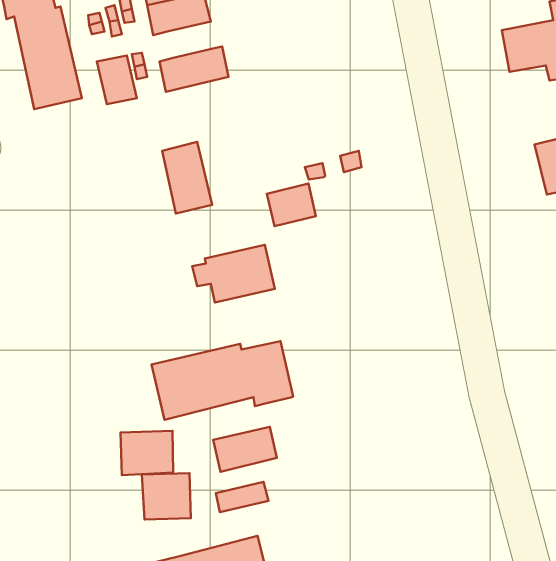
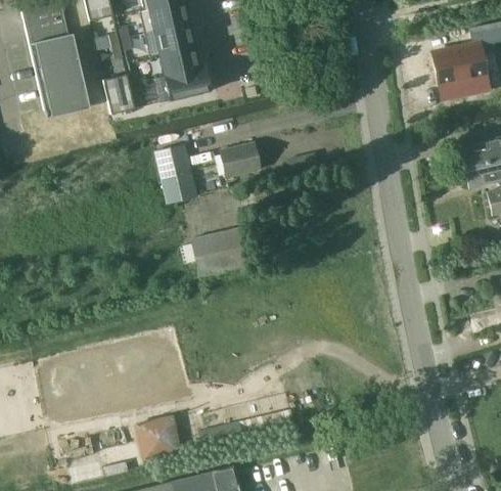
building: none -> [160,47,199,77]
building: [267,184,316,226] -> [220,143,260,178]
building: [152,341,293,420] -> none
building: [213,427,277,472] -> none
building: [121,431,173,475] -> none

